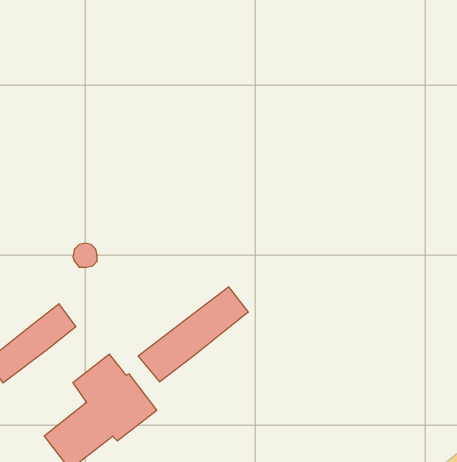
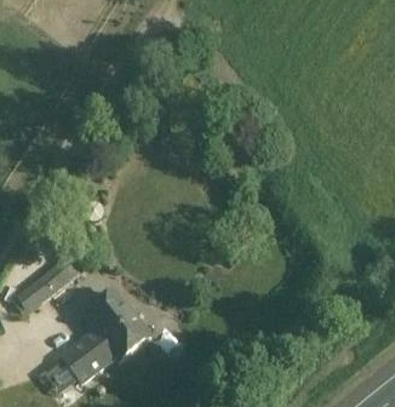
building: [138,287,248,382] -> none

